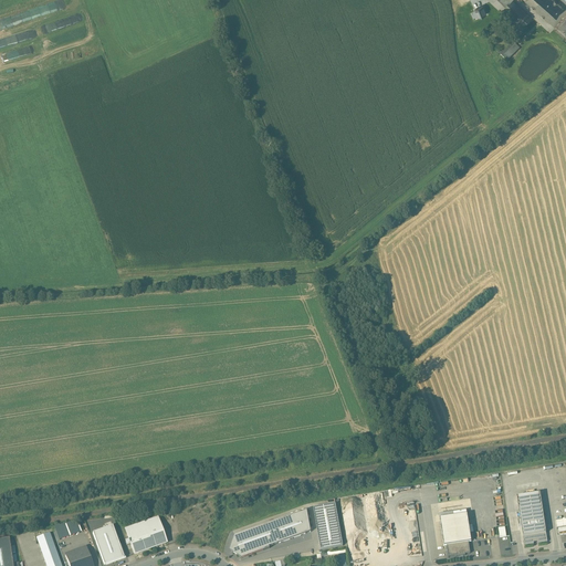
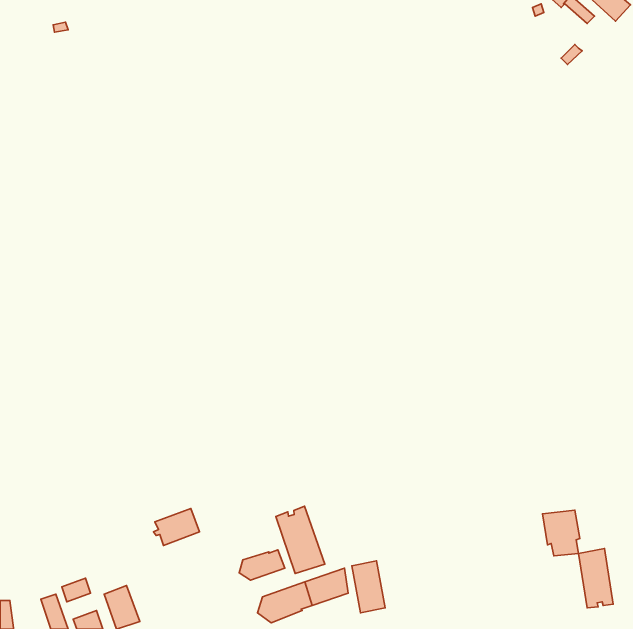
building: none -> [276,506,325,573]
building: none -> [239,550,285,580]
building: [439,513,472,554] -> [543,510,580,556]
building: [125,518,166,552] -> [154,508,199,546]

